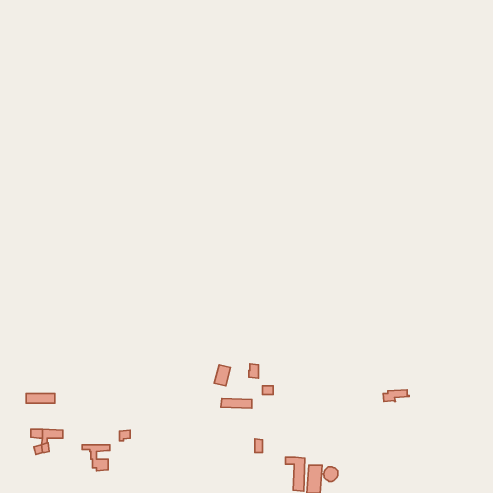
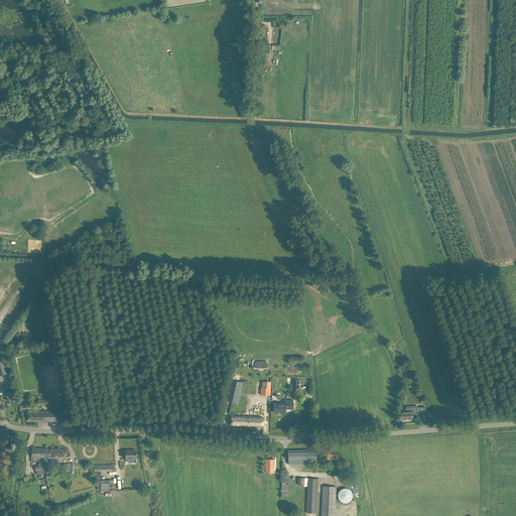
building: none -> [288,449,316,464]

